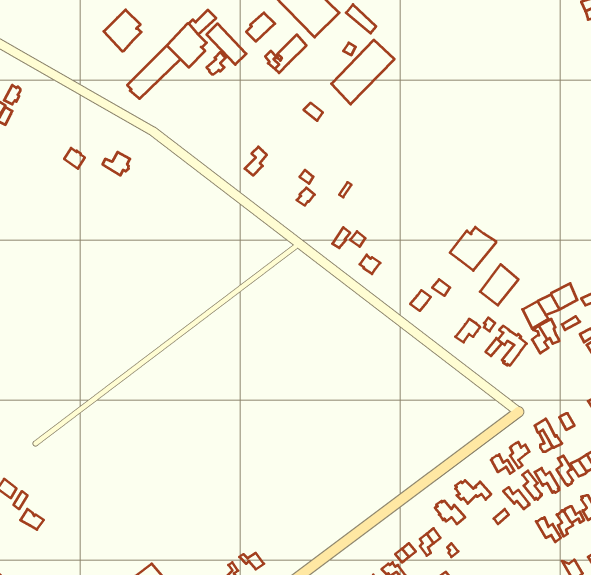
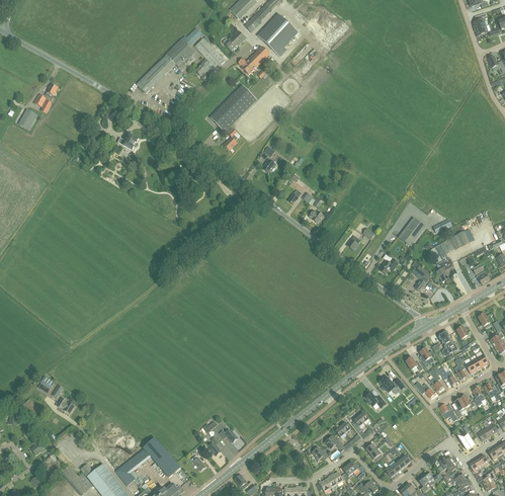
building: [104,10,141,51] -> none
building: [331,40,394,104] -> [211,84,257,132]
building: [450,227,496,271] -> none

